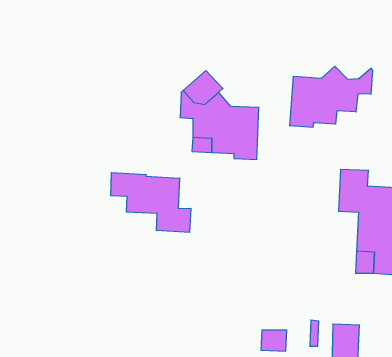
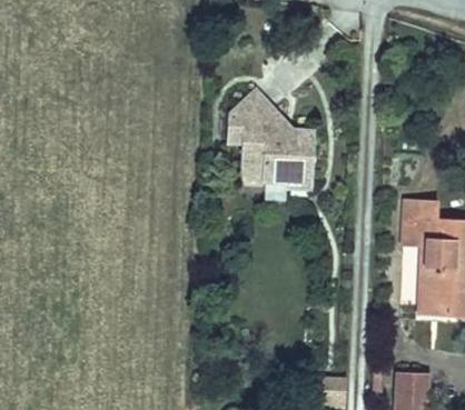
building: [290,66,373,127] -> none
building: [111,173,191,232] -> none

